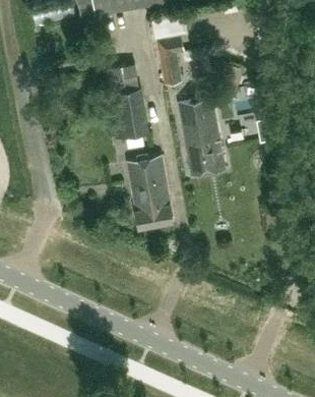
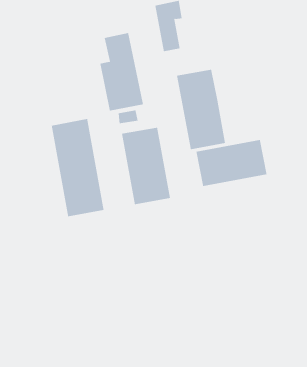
building: none -> [51,118,104,217]
building: none -> [196,139,267,187]

